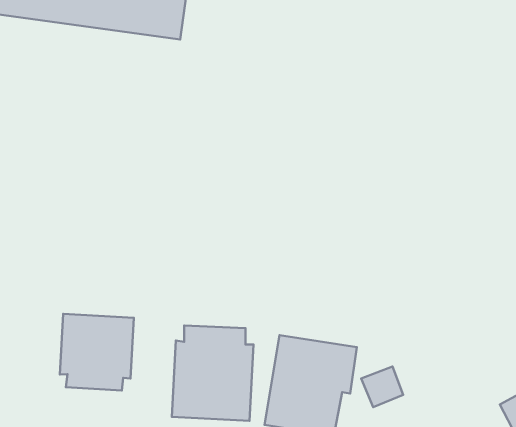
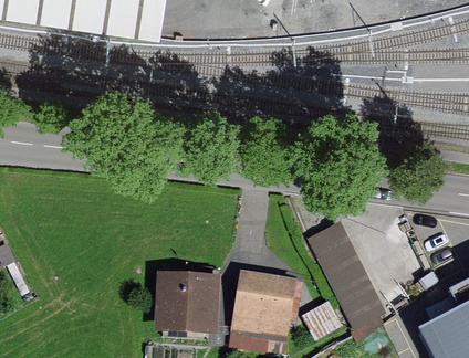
building: none -> [308,225,386,334]
building: [60,314,134,391] -> none

